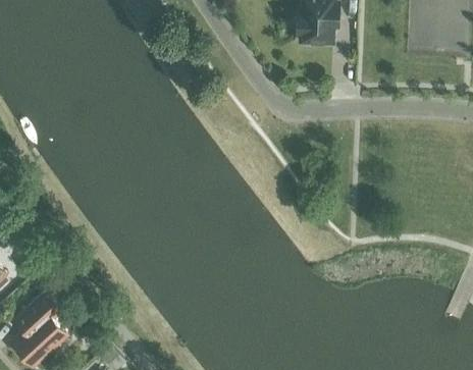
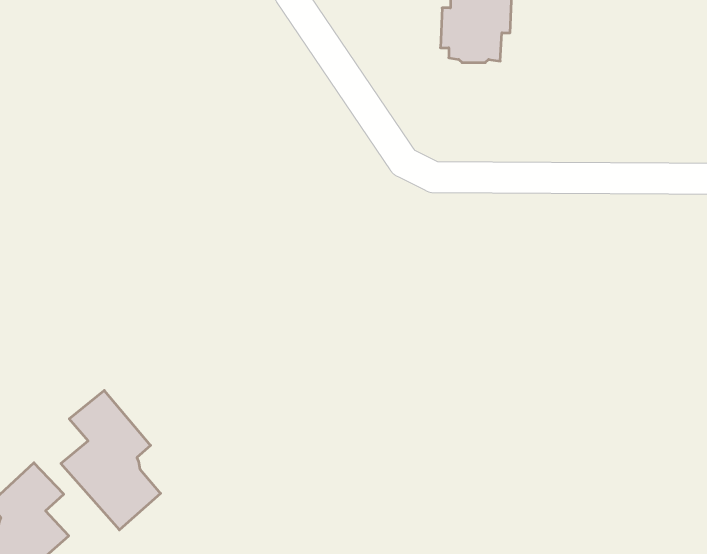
building: none -> [61,390,161,530]

